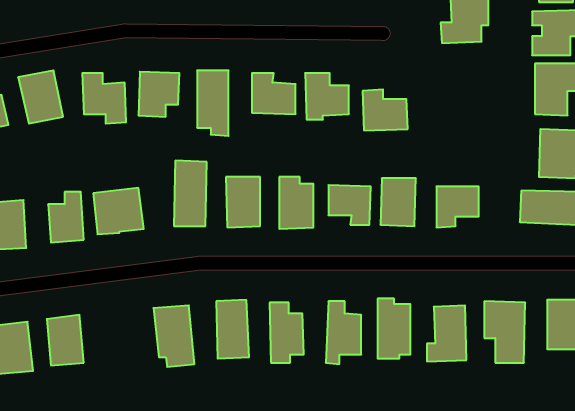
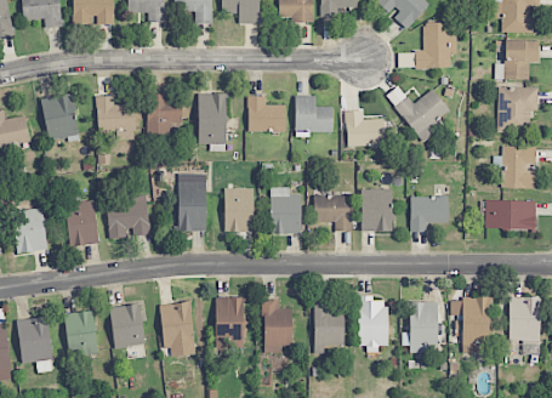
building: none -> [394,89,449,142]
building: none -> [108,303,146,349]

